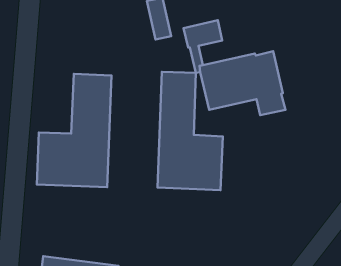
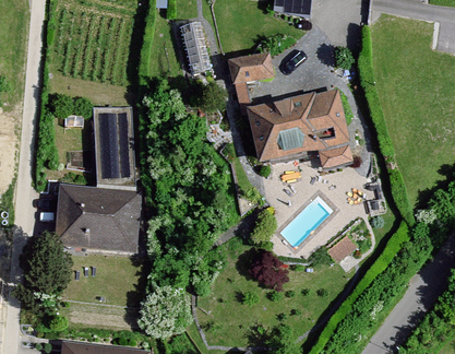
building: [157,72,223,190] -> none

